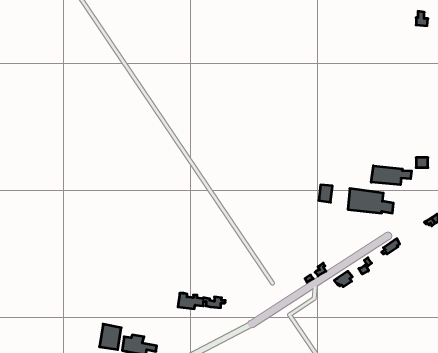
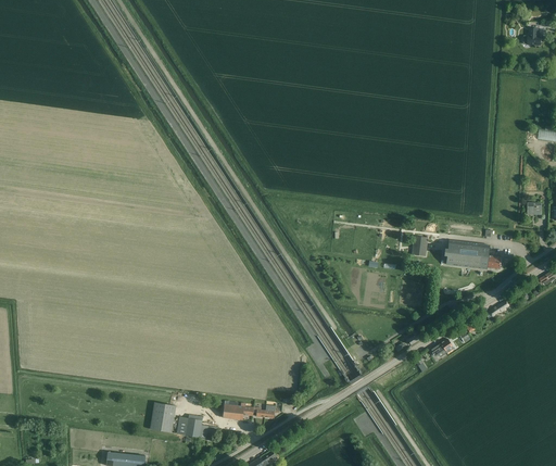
building: [371,166,412,185] -> none
building: [178,293,225,309] -> [223,401,279,419]

